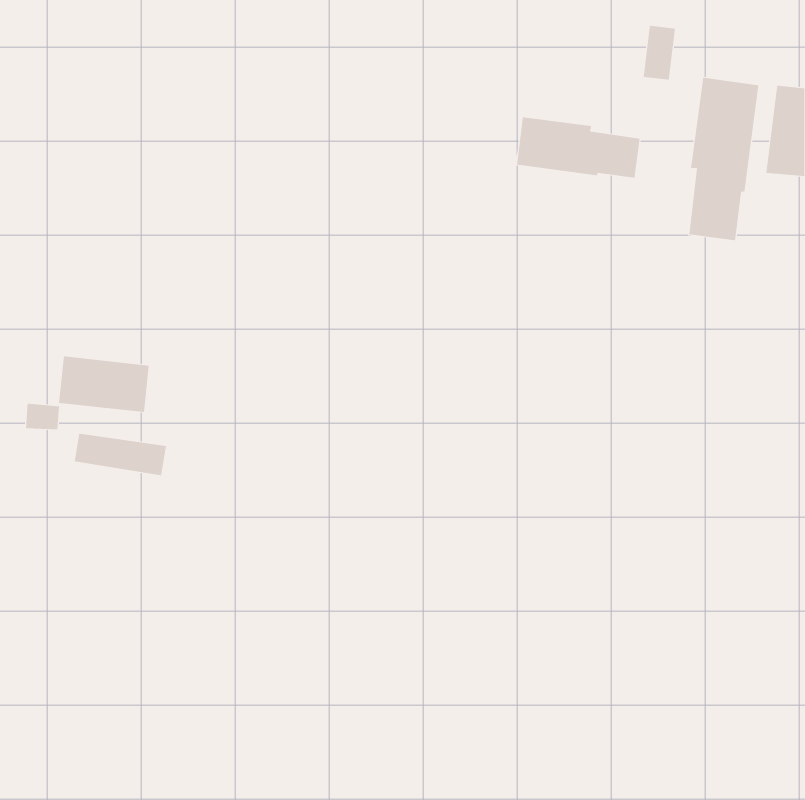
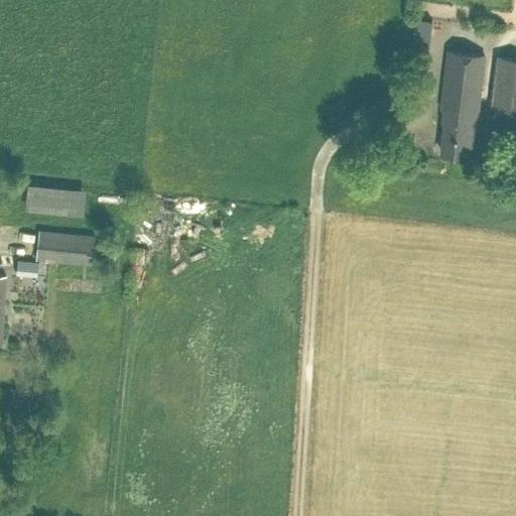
building: [516,117,640,179] -> none
building: [74,433,167,476] -> [20,181,80,209]

